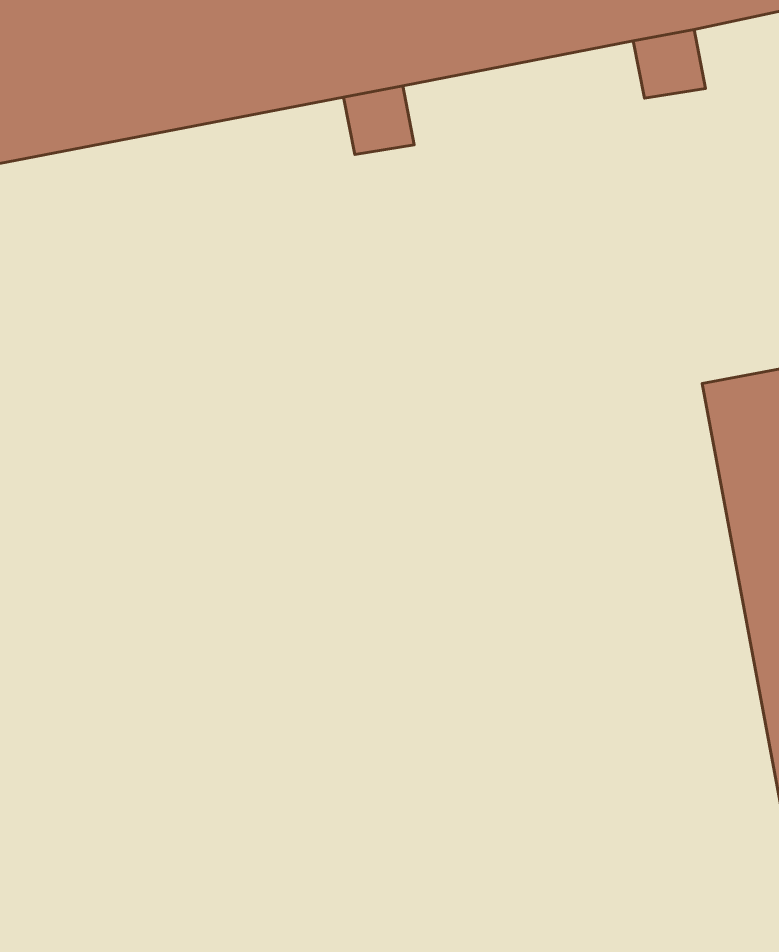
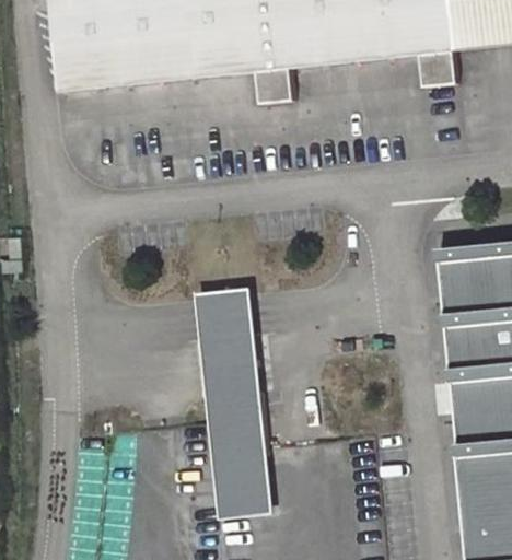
building: none -> [191,289,271,521]

